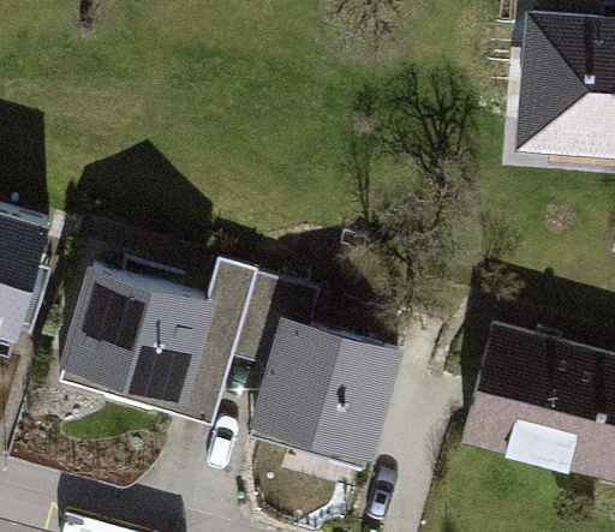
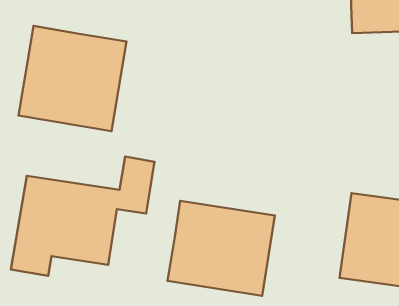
building: none -> [18,26,126,131]
building: [107,271,321,424] -> none

